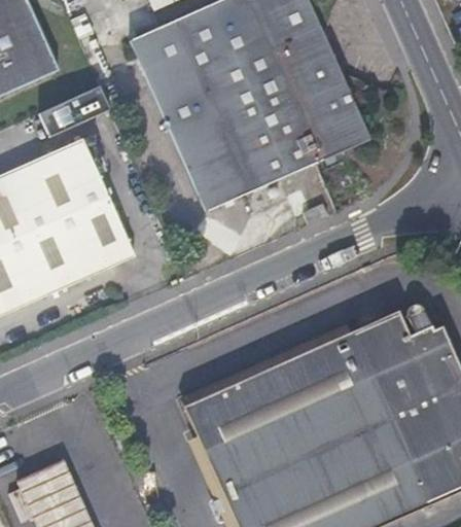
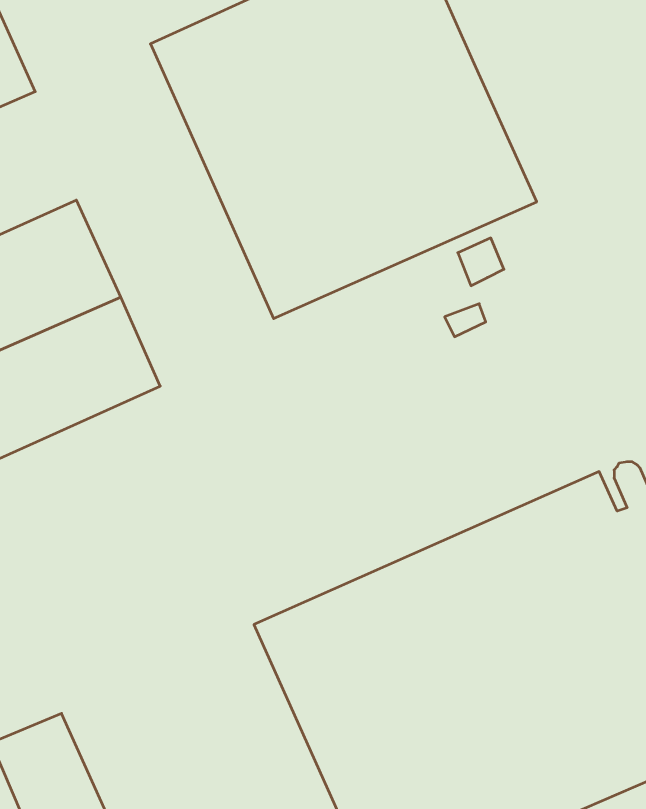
building: [36,87,107,138] -> none

